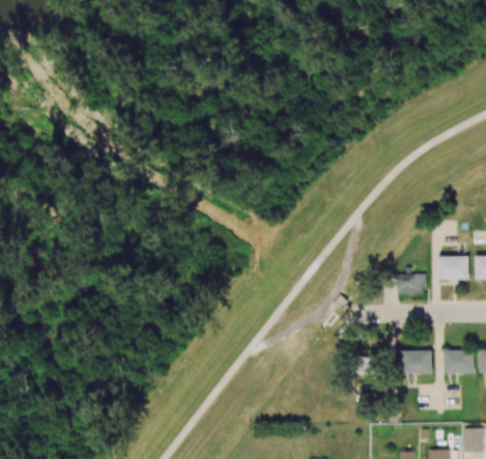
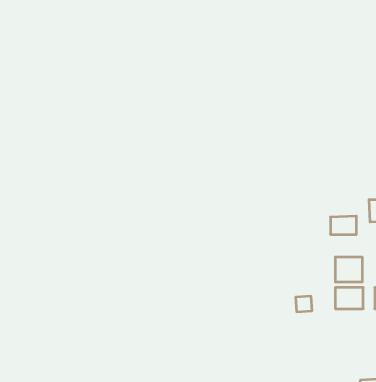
building: none -> [335,257,362,282]

